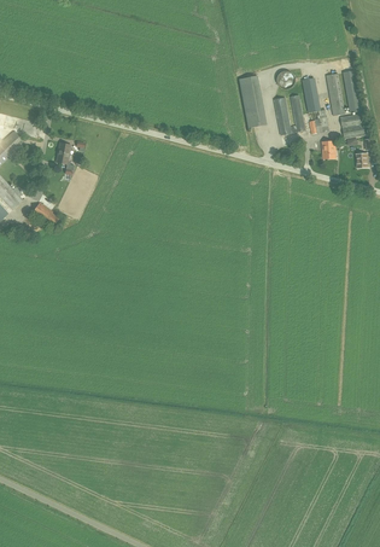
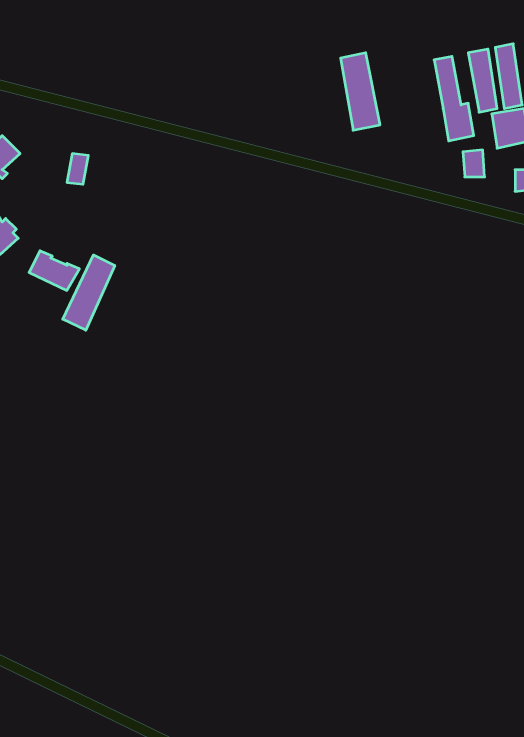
building: [273,94,305,135] -> none
building: none -> [63,255,115,330]

